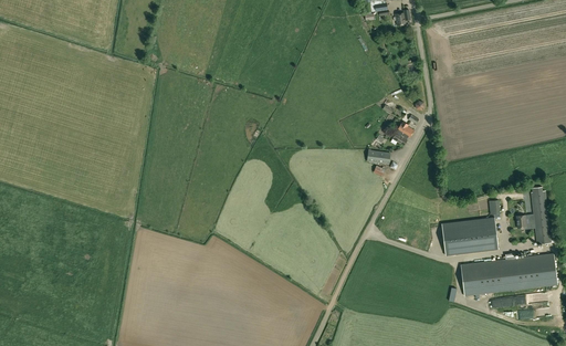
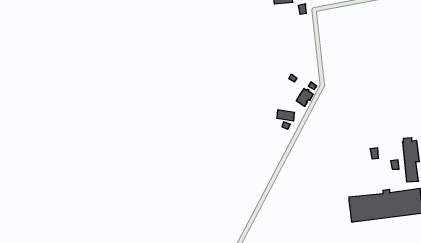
building: [440,218,496,255] -> none

